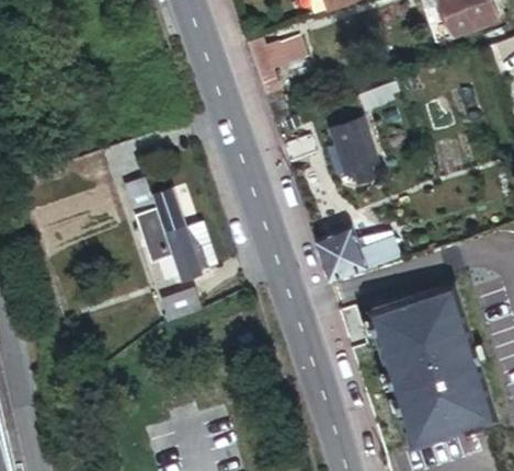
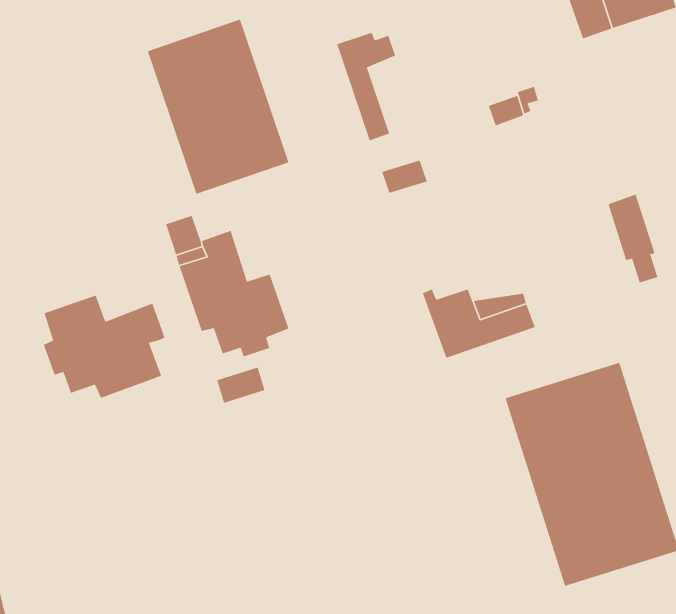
building: none -> [147,19,289,195]
building: [332,120,369,186] -> [607,193,659,283]
building: none -> [43,295,165,399]

